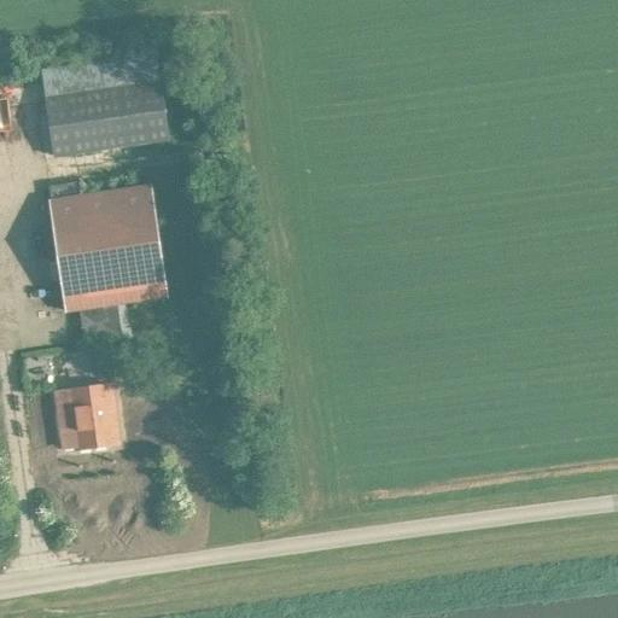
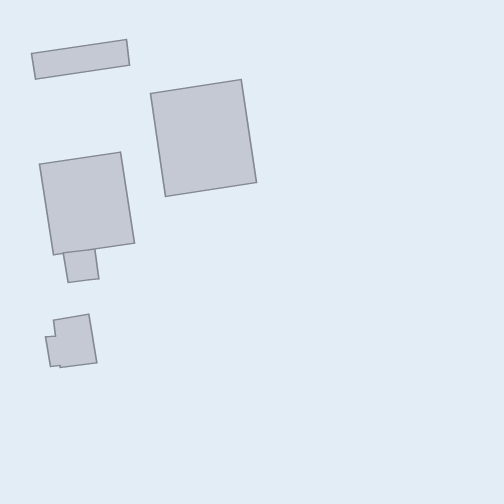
building: [45,80,169,156] -> none
building: none -> [150,80,256,197]

